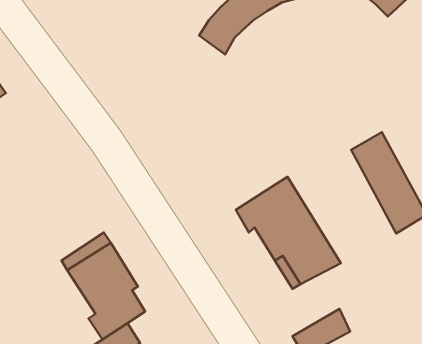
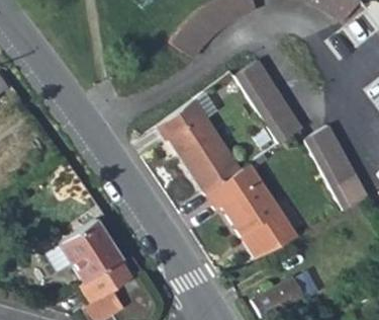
building: none -> [236,62,303,145]
building: none -> [158,97,241,193]

